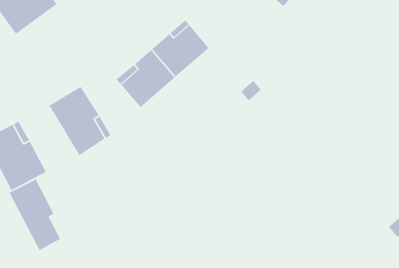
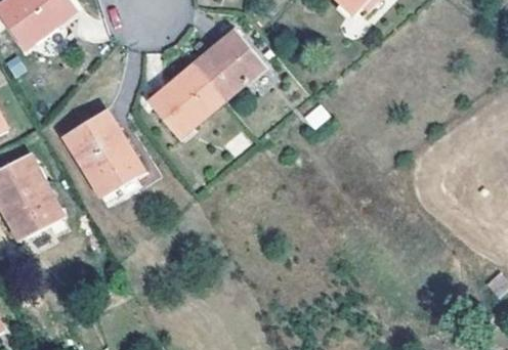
building: [8,178,61,251] -> none

